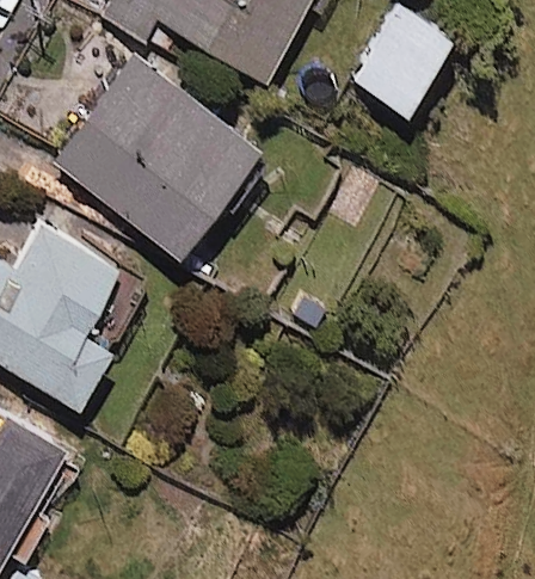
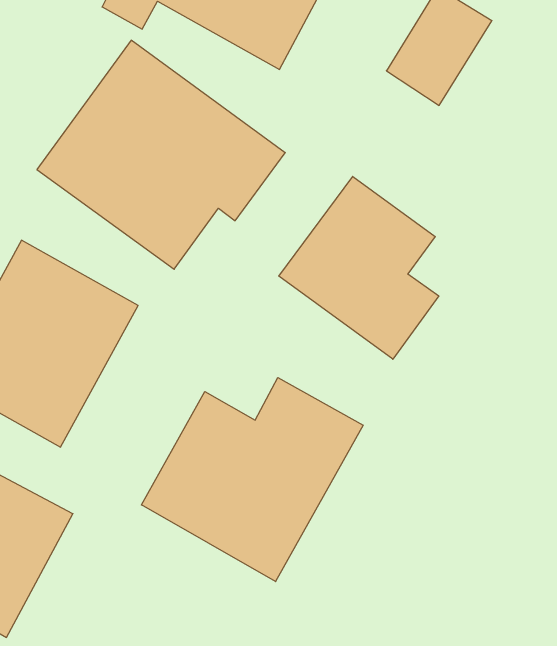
building: none -> [279,176,439,359]
building: none -> [141,378,363,582]

